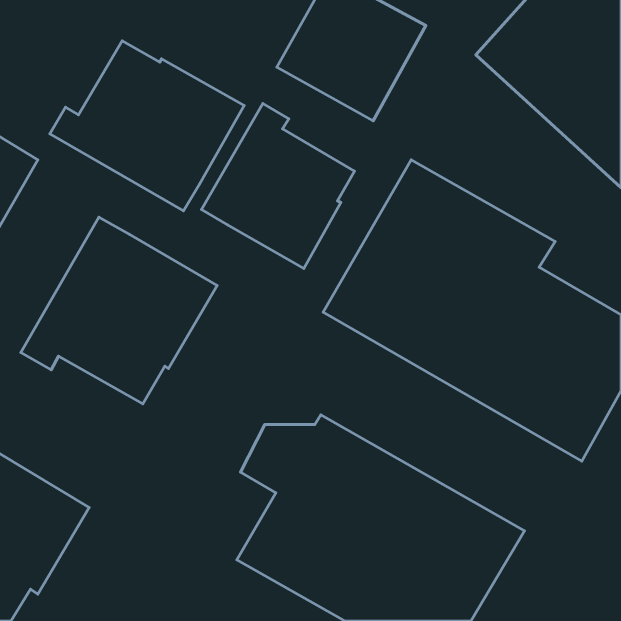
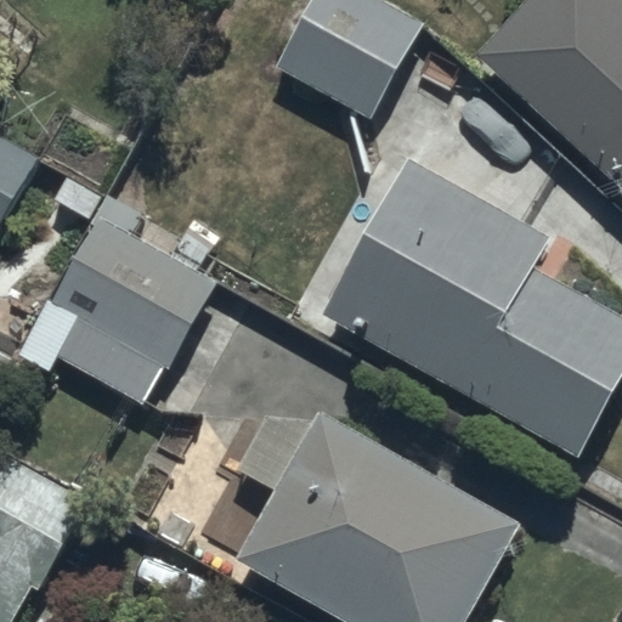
building: [50,41,244,211] -> none
building: [202,103,354,268] -> none

